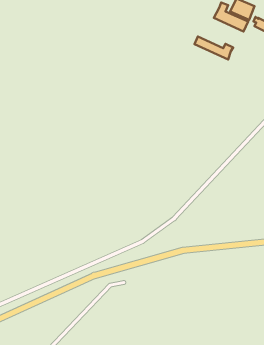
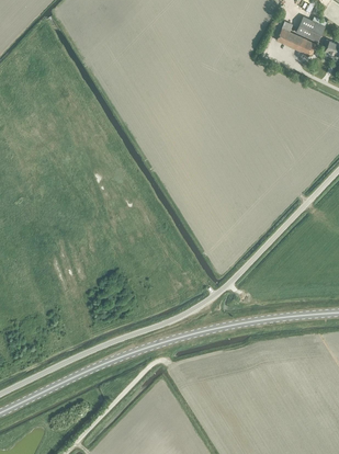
building: [195,37,233,59] -> none

